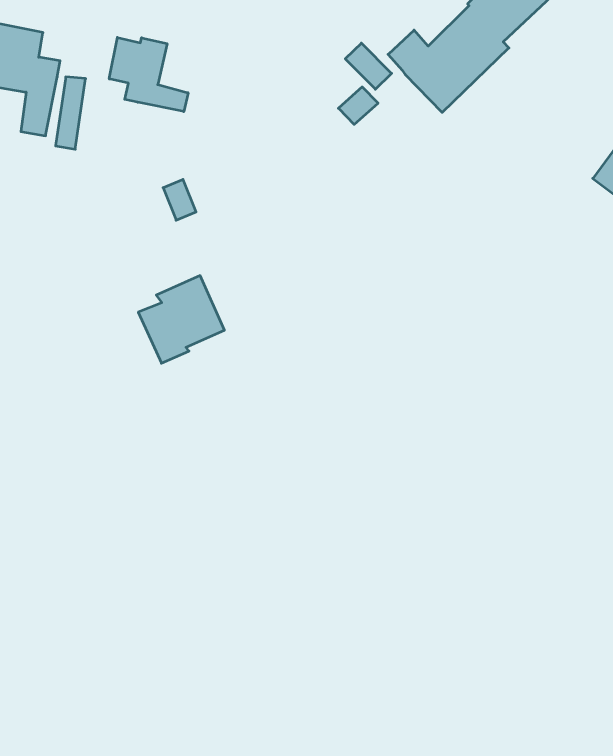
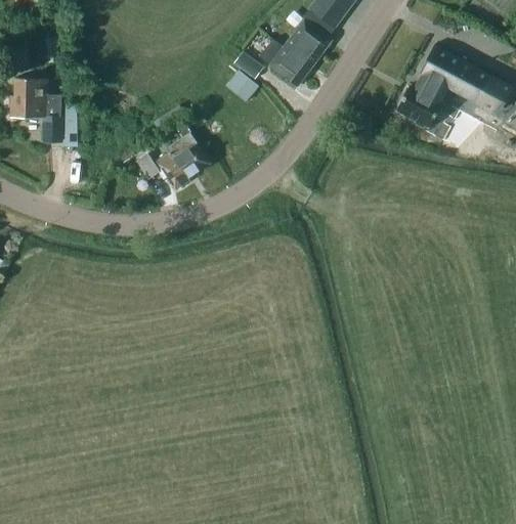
building: [109,37,188,112] -> none
building: [138,276,224,363] -> [156,132,210,189]

